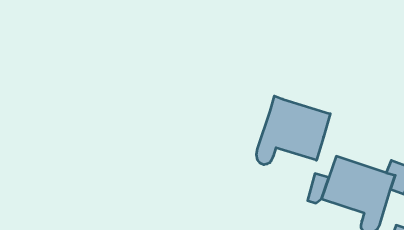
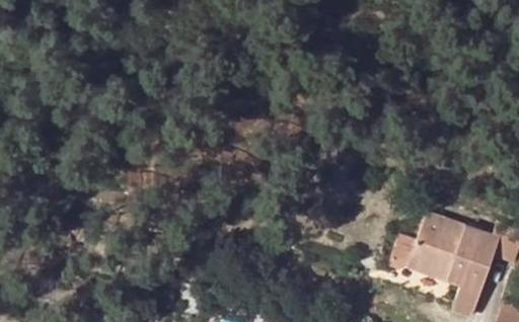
building: [256,96,330,165] -> none

